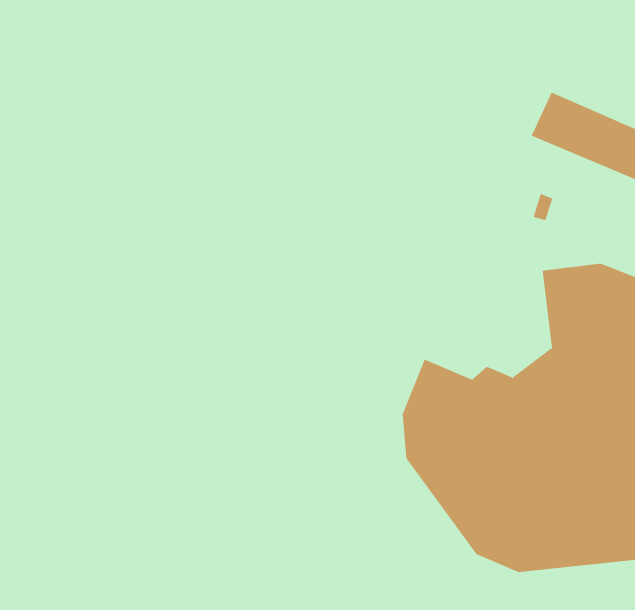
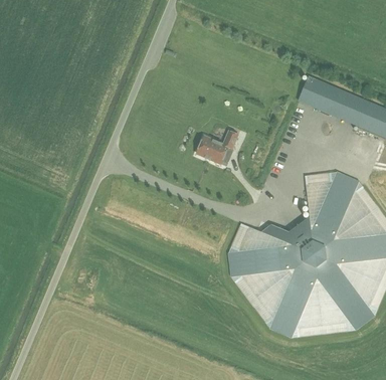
building: none -> [197,131,237,163]

